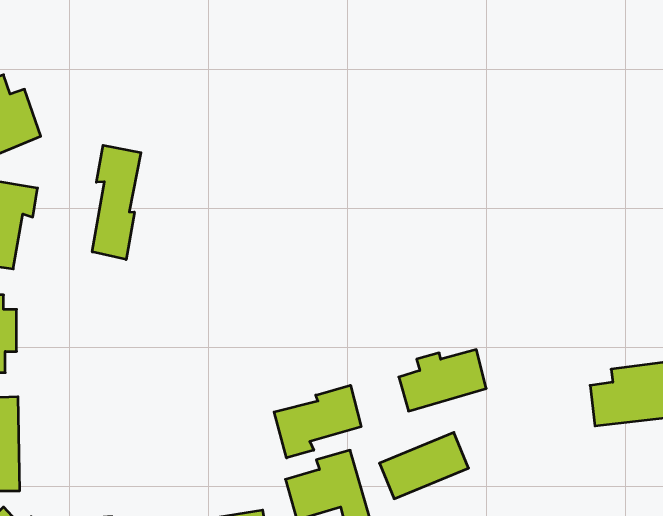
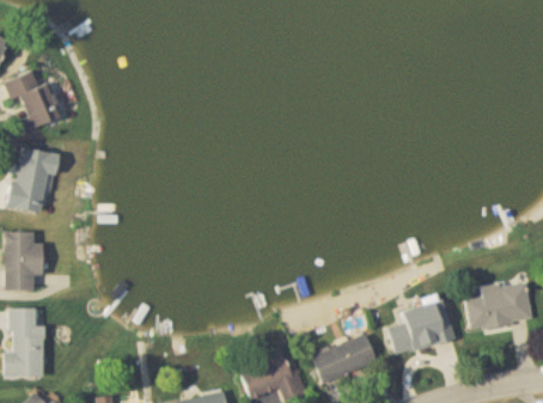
building: [92,145,141,260] -> none
building: [399,350,486,411] -> [389,307,453,353]
building: [274,385,361,458] -> none

